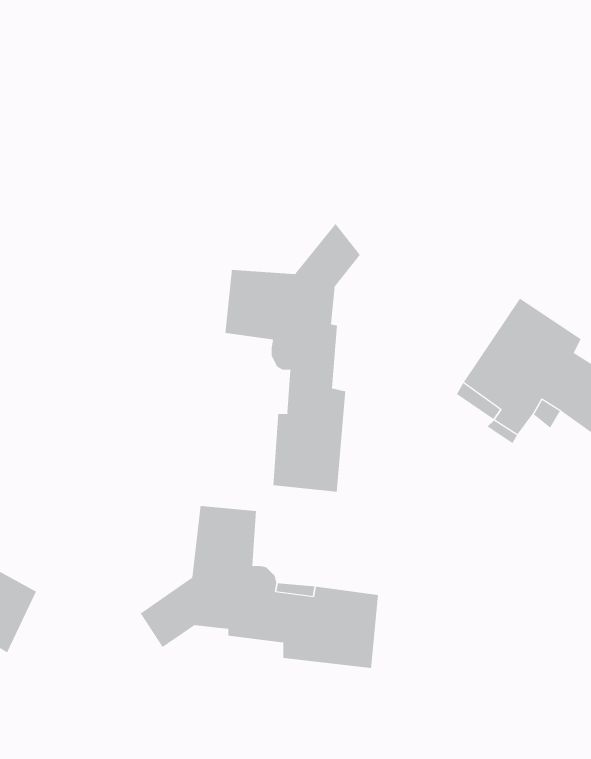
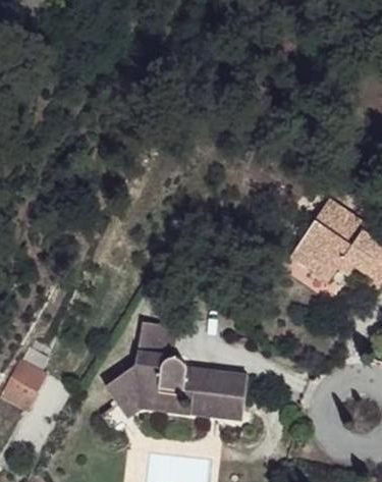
building: [225,223,360,493] -> none
building: none -> [118,393,189,417]

